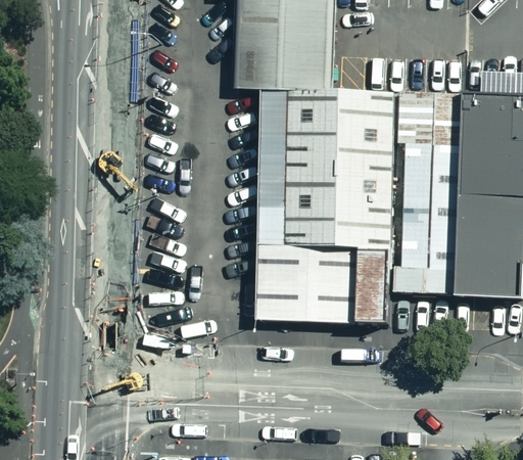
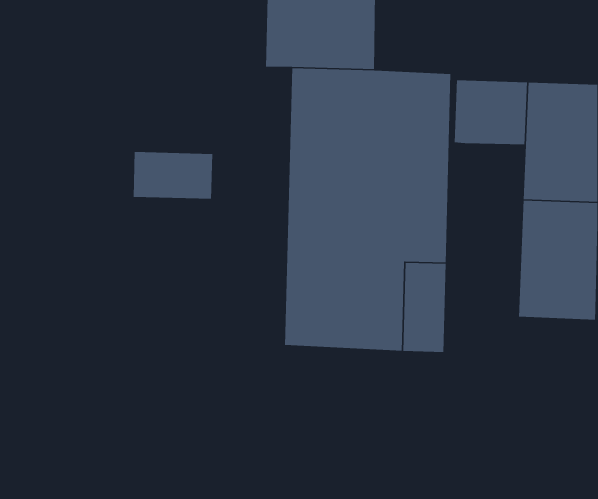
building: [395,147,460,295] -> none
building: none -> [133,151,213,200]

